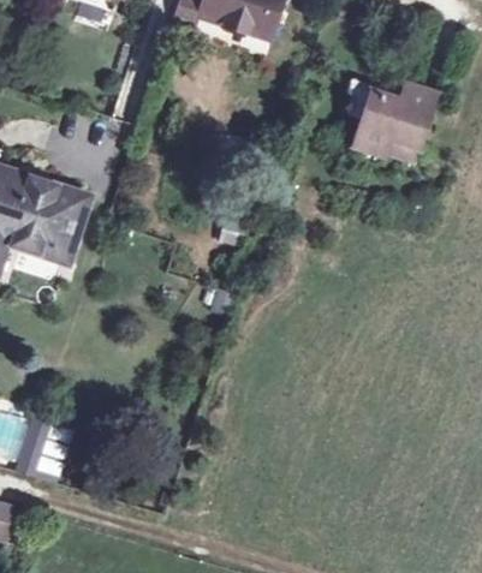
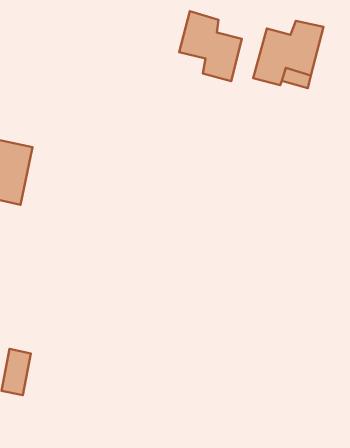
building: none -> [179,11,242,81]

